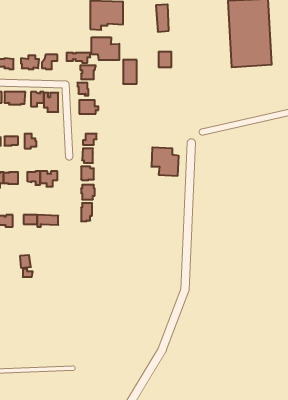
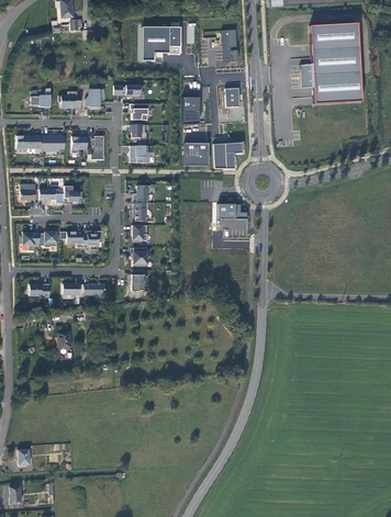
building: [92,37,119,60] -> none
building: none -> [185,142,208,165]
building: none -> [214,142,244,168]

